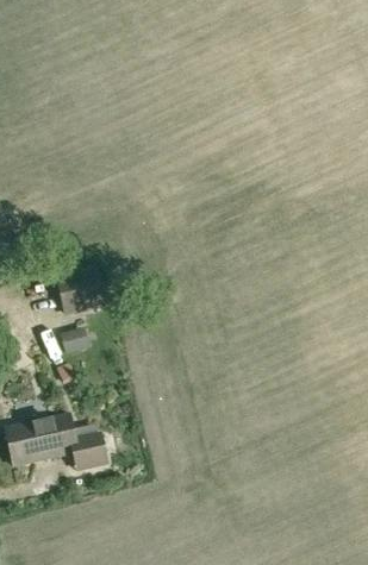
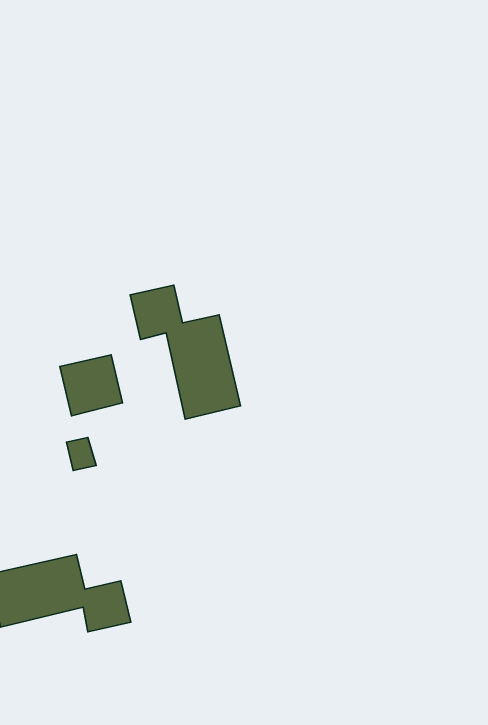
building: none -> [130,285,241,419]

